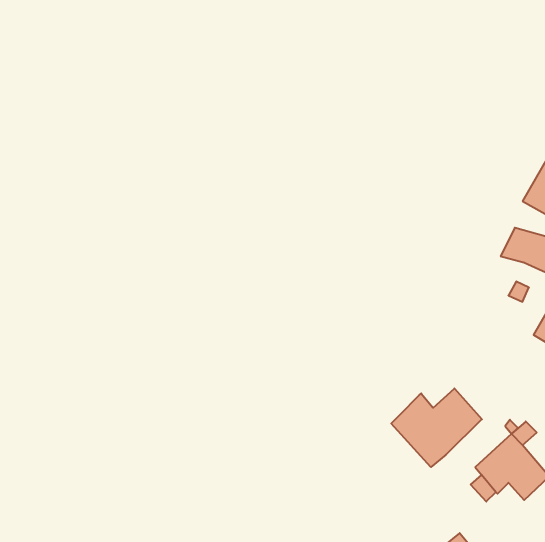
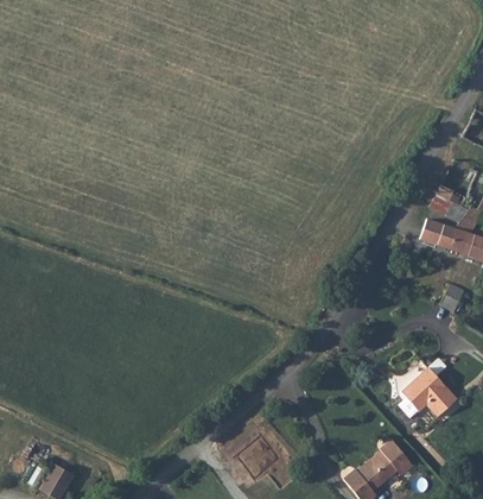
building: [391,388,482,467] -> none

